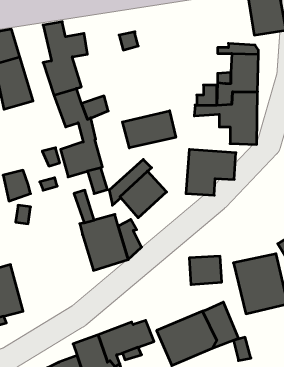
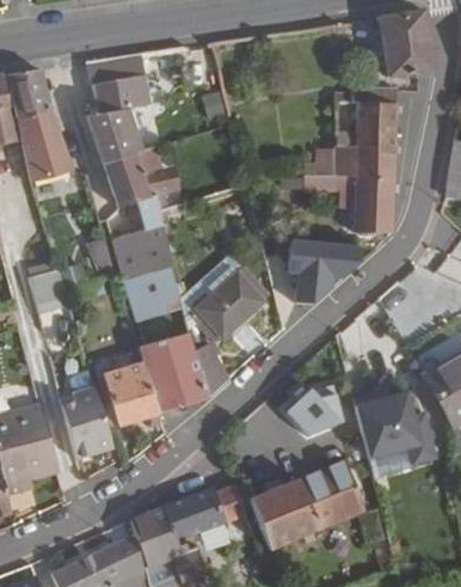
building: [122,111,176,148] -> none
building: none -> [102,361,158,424]
building: none -> [61,385,112,458]

